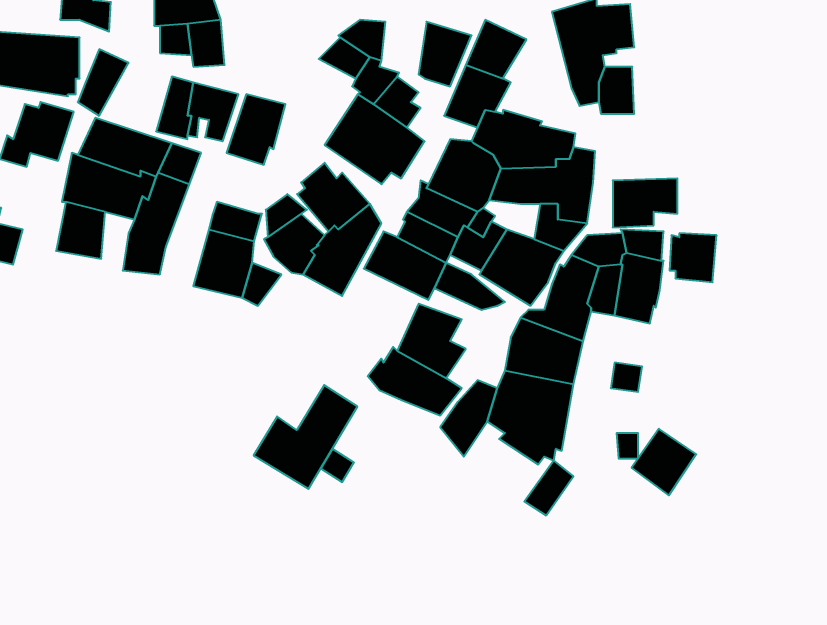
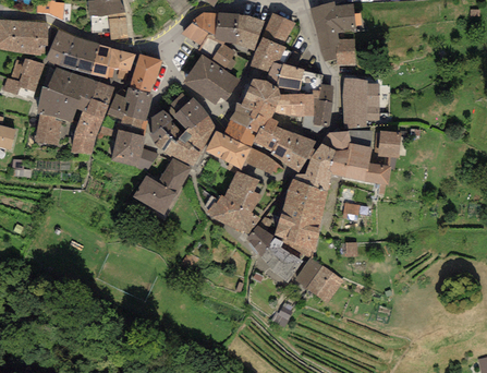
building: none -> [214,13,240,43]
building: none -> [58,36,98,74]
building: none -> [342,77,379,101]
building: none -> [107,86,153,120]
building: none -> [364,163,391,194]
building: [254,385,357,489] -> [133,157,191,215]
building: none -> [260,236,303,282]
building: [632,429,696,495] -> [306,266,342,303]

